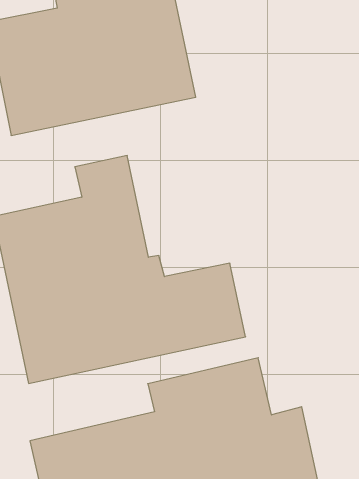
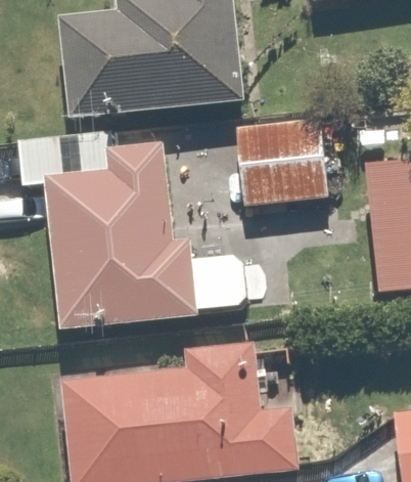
building: none -> [233,135,327,220]

